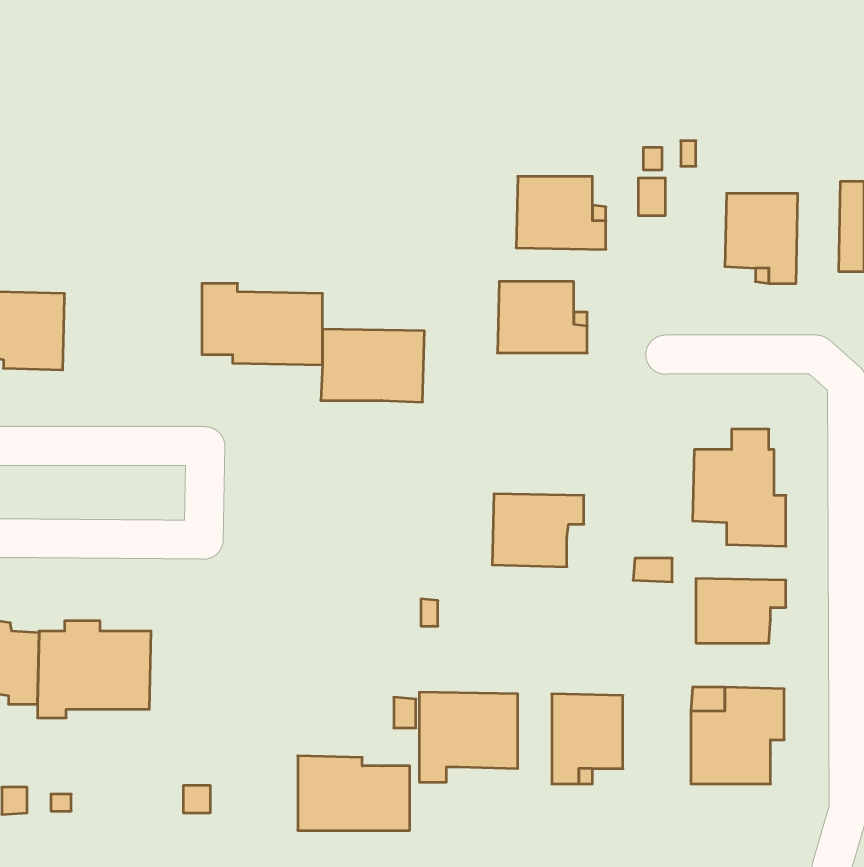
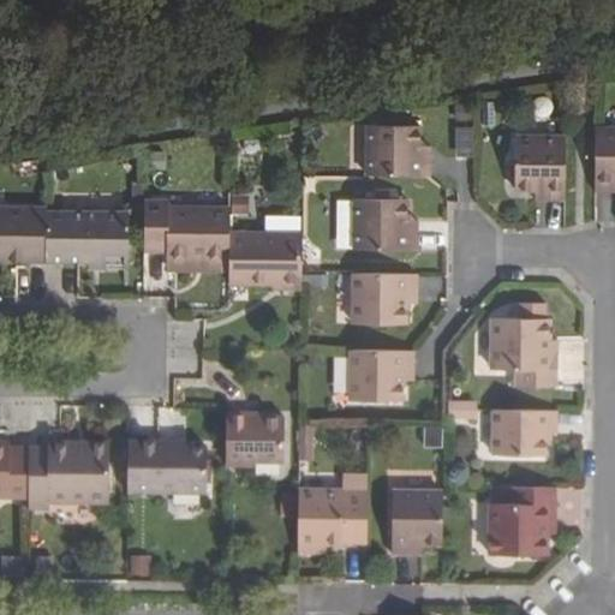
building: none -> [44,211,127,269]
building: none -> [352,273,416,324]
building: none -> [225,413,282,465]
building: [298,756,410,830] -> [126,440,205,492]

